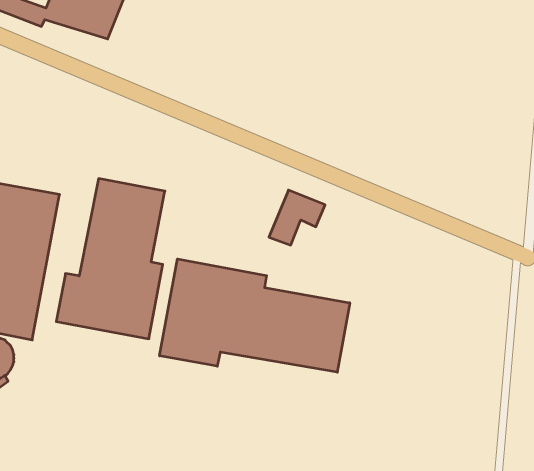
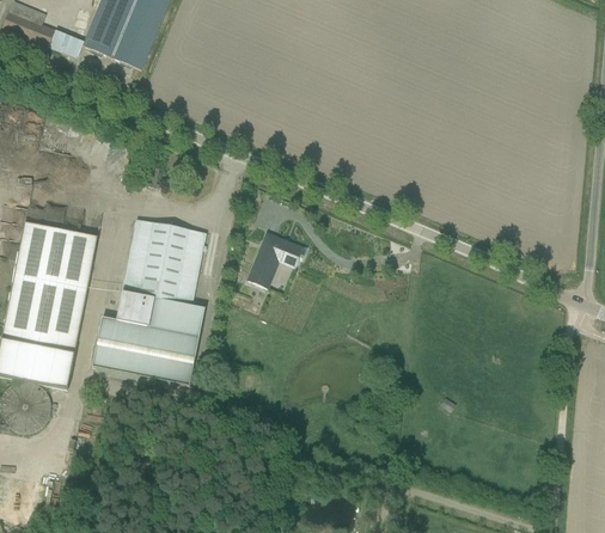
building: [269,190,325,245] -> [245,229,304,287]
building: [160,259,350,372] -> none

